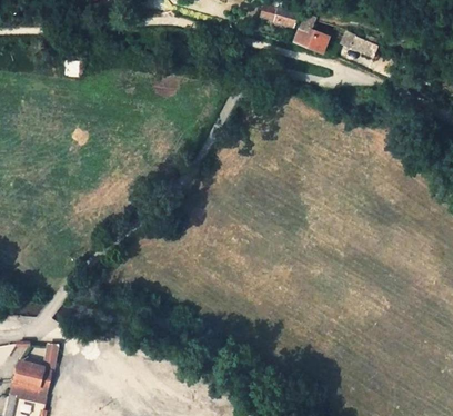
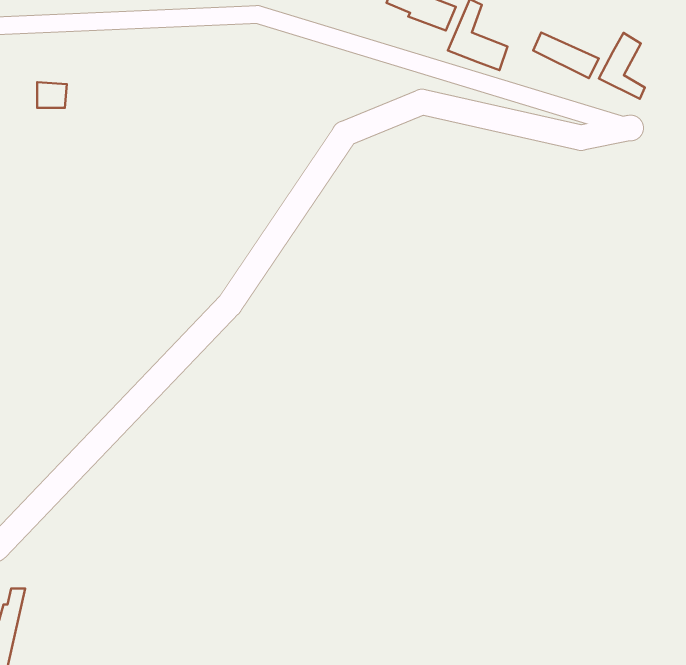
building: none -> [599,33,645,99]

